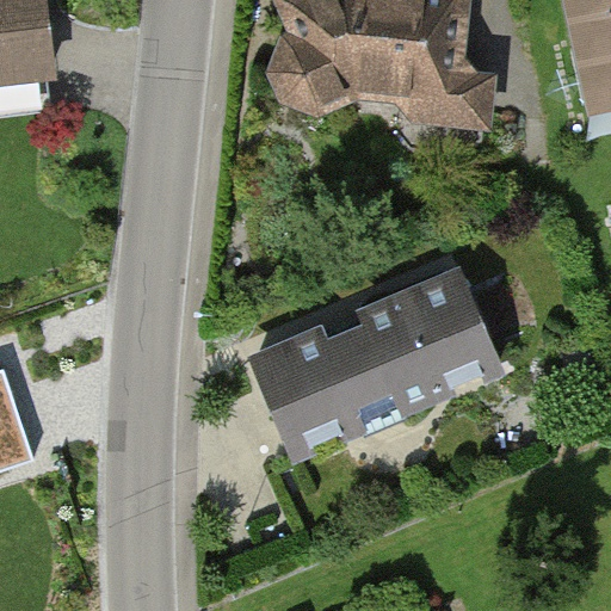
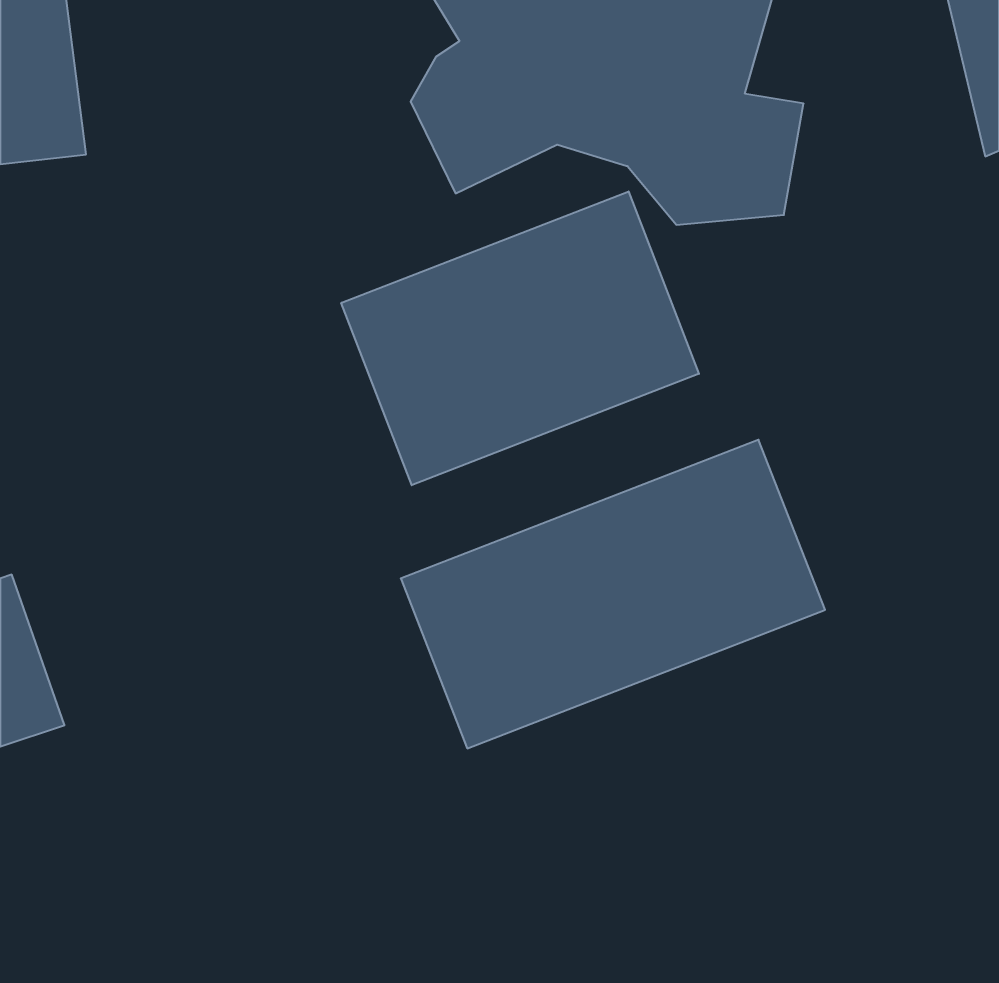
building: none -> [341,191,699,485]

